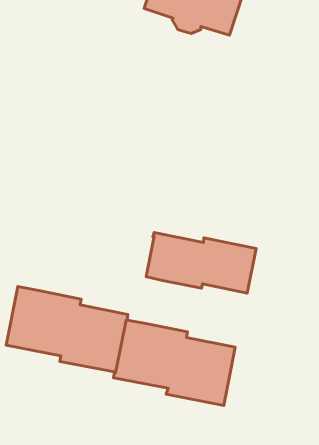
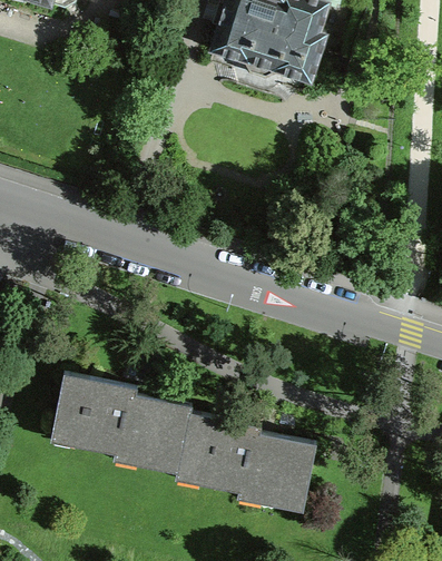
building: [146,232,256,293] -> none

